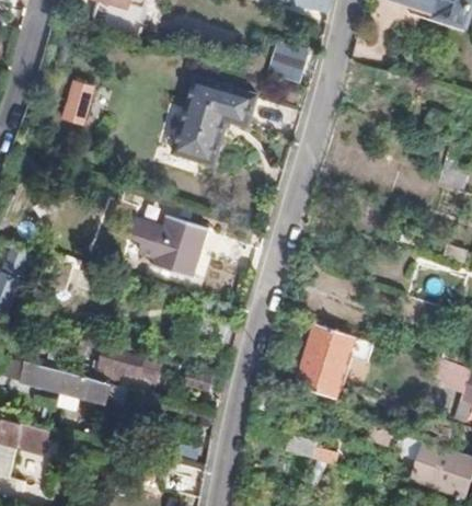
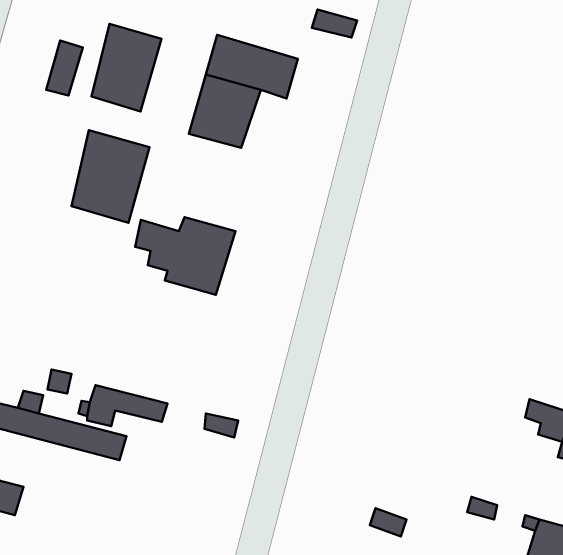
building: none -> [92,24,161,112]
building: none -> [71,130,150,223]
building: [297,326,372,400] -> none

